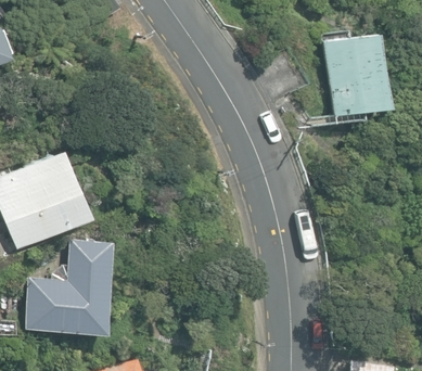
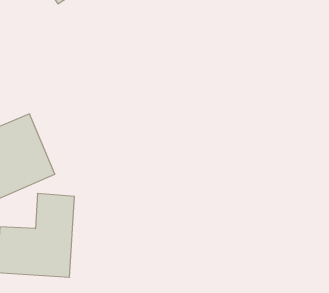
building: [321,35,386,115] -> none

